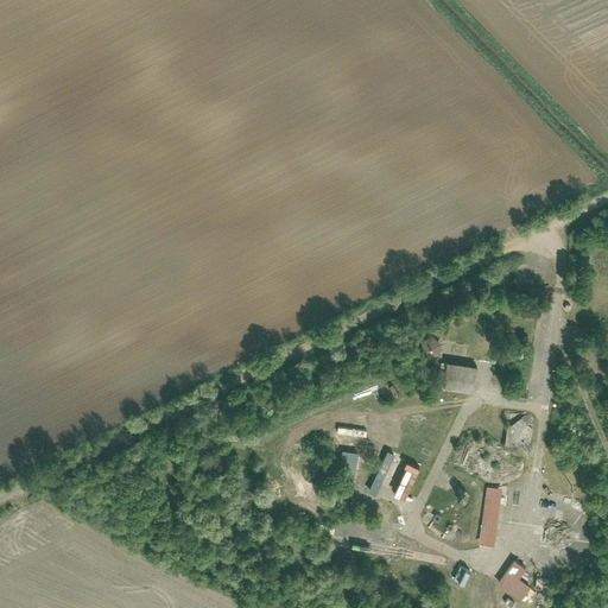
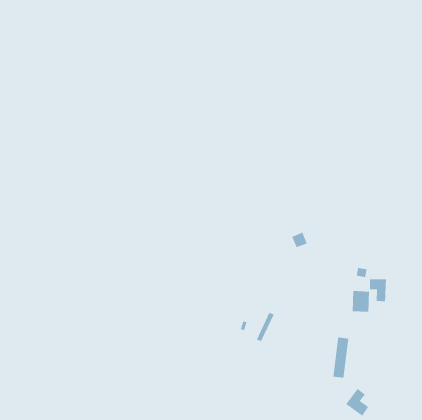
building: [437,363,476,394] -> none
building: none -> [369,278,387,302]

